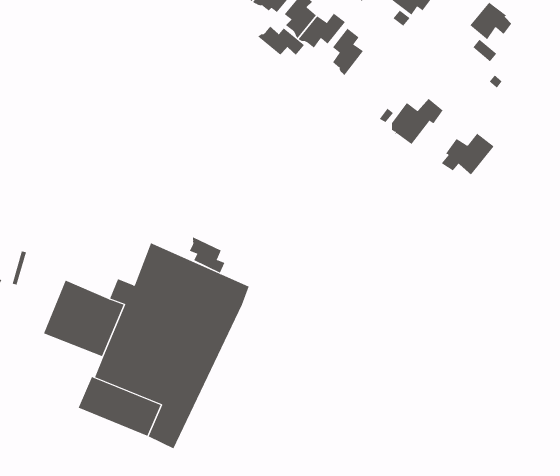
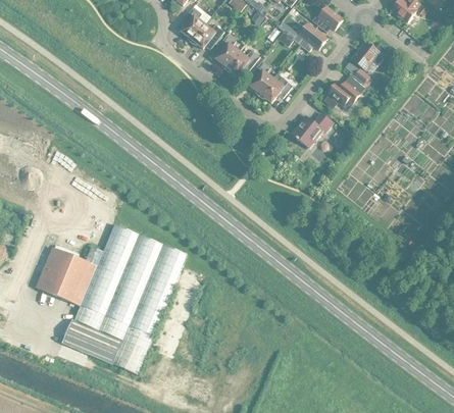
building: [258,26,305,55] -> none
building: none -> [259,78,293,102]
building: [441,133,495,175] -> [324,78,364,109]
building: [189,236,225,274] -> none

